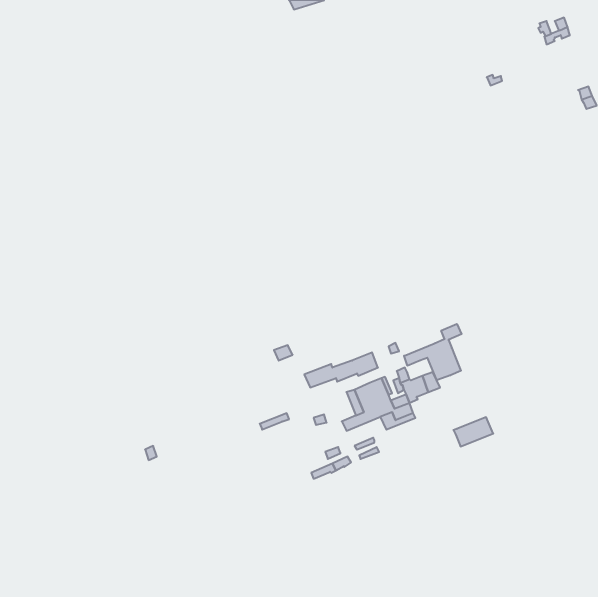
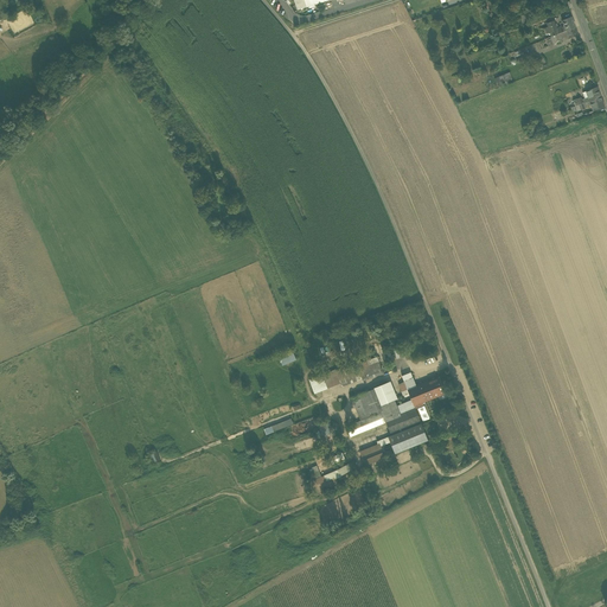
building: [404,324,462,380] -> none
building: [453,417,493,446] -> [388,424,428,454]

